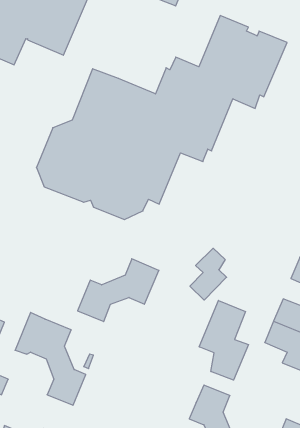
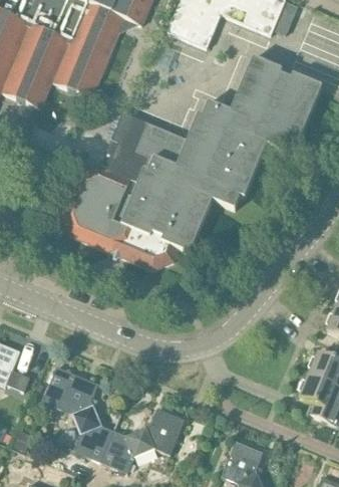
building: [190,248,227,300] -> none
building: [78,259,159,322] -> [100,408,185,473]
building: [199,300,249,380] -> none

